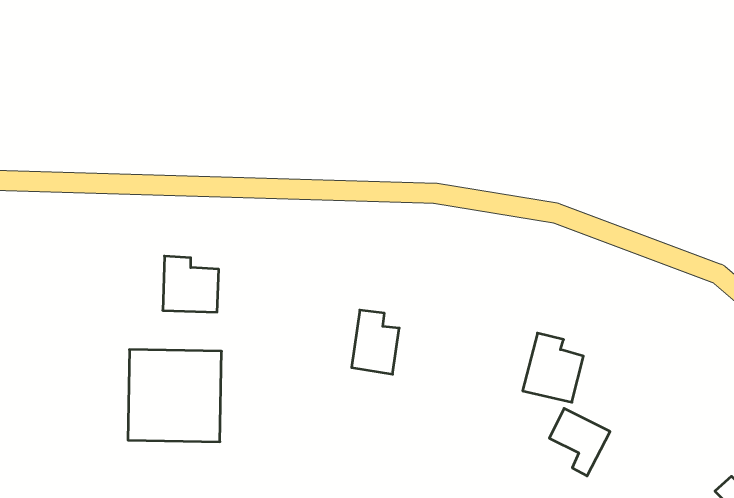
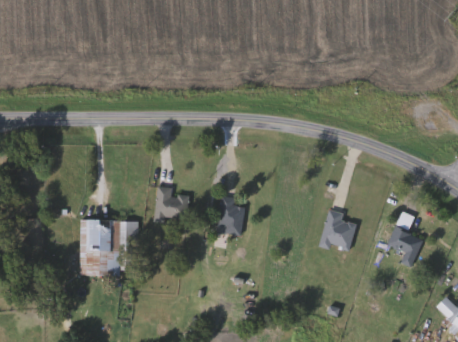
building: [163,256,219,312] -> [156,186,190,220]
building: [549,408,610,476] -> [387,225,424,266]

